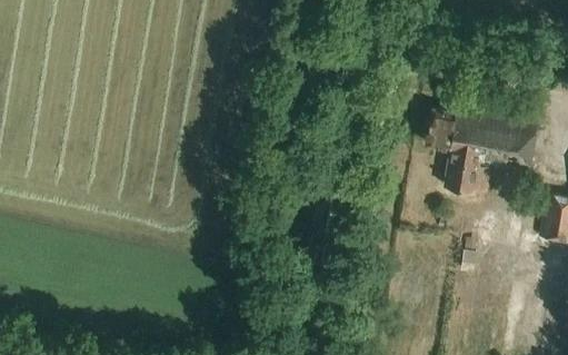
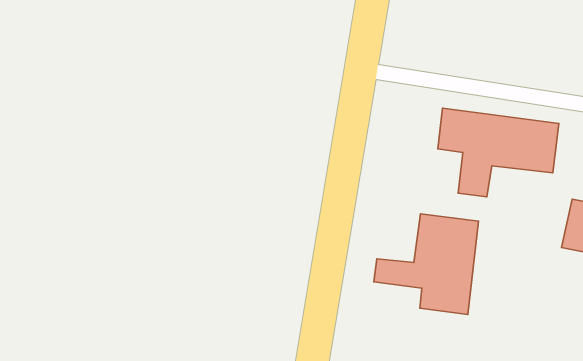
building: none -> [374,214,478,315]

